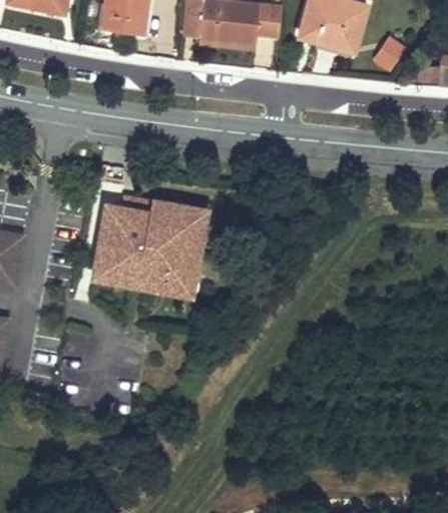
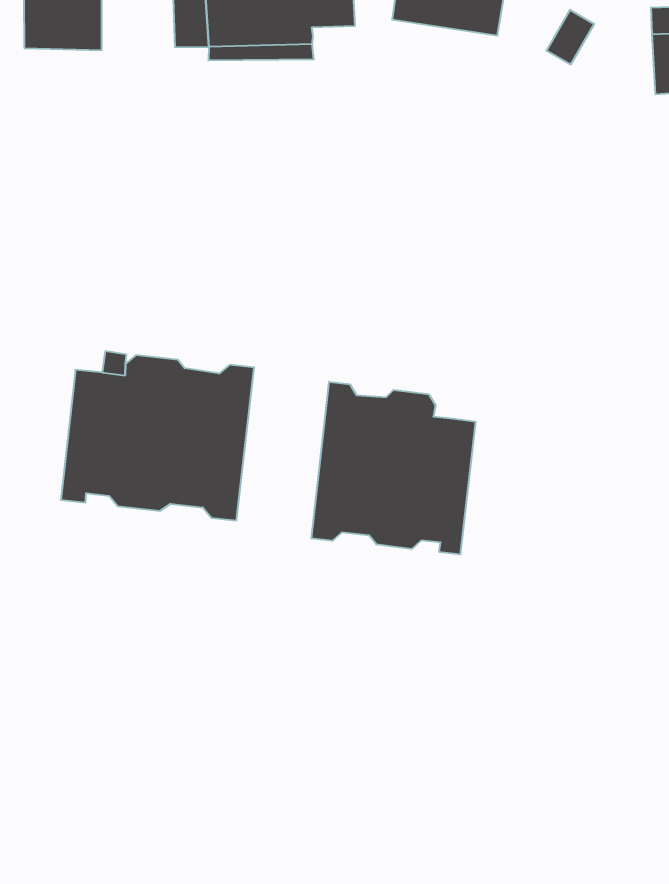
building: none -> [311,382,475,555]

